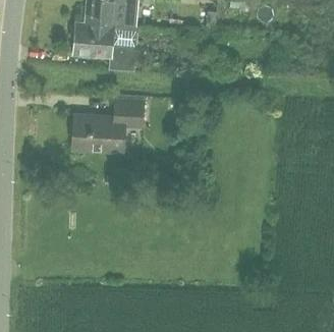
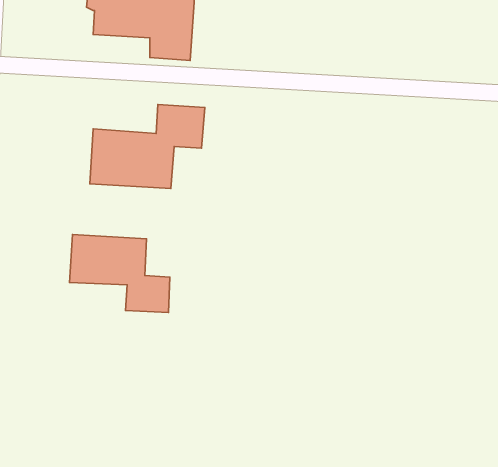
building: none -> [70,234,170,313]

